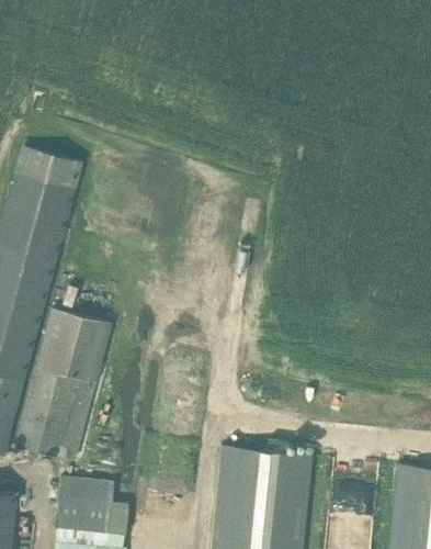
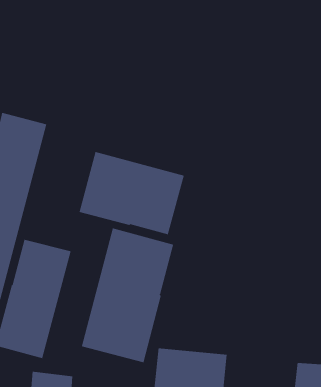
building: none -> [79,151,185,235]
building: none -> [81,228,174,363]

